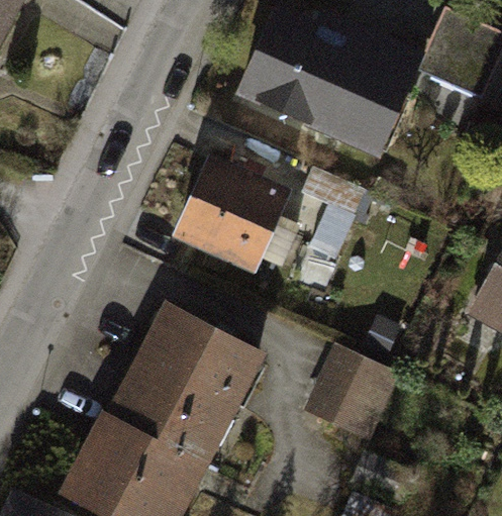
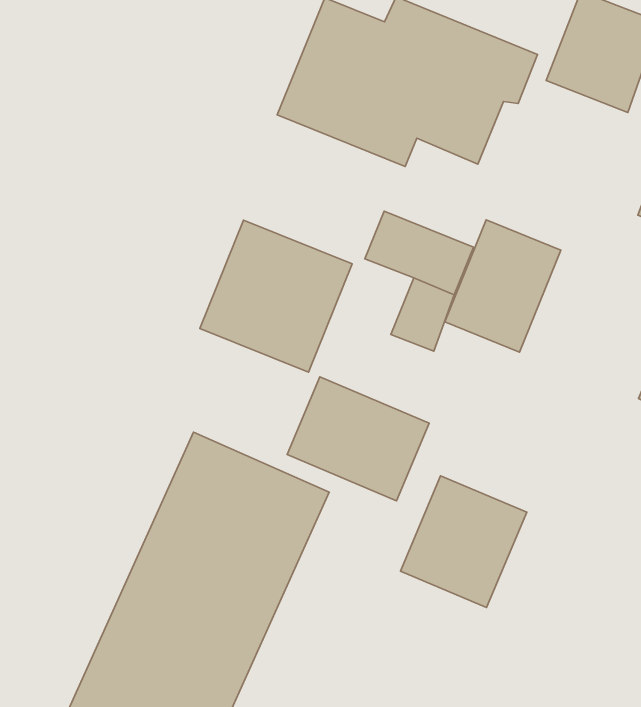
building: none -> [445,220,561,352]
building: none -> [287,377,429,501]

